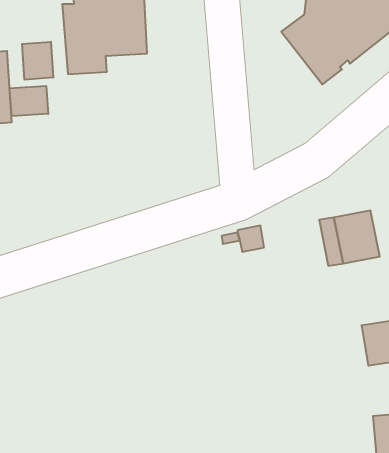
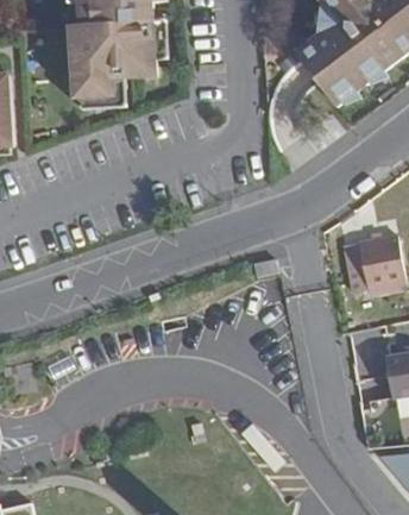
building: [22,42,53,80] -> none
building: [10,86,48,116] -> none

